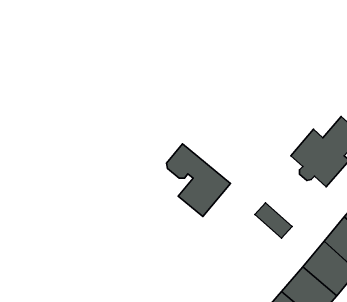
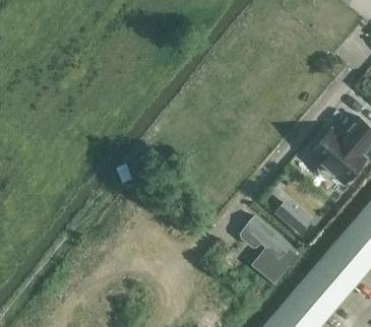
building: [166,144,230,217] -> [239,215,300,284]

